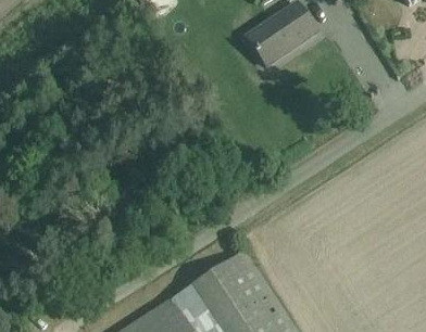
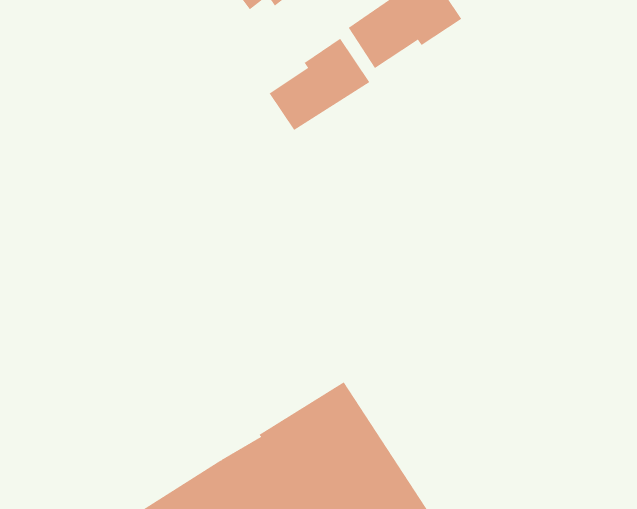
building: none -> [269,38,370,131]

